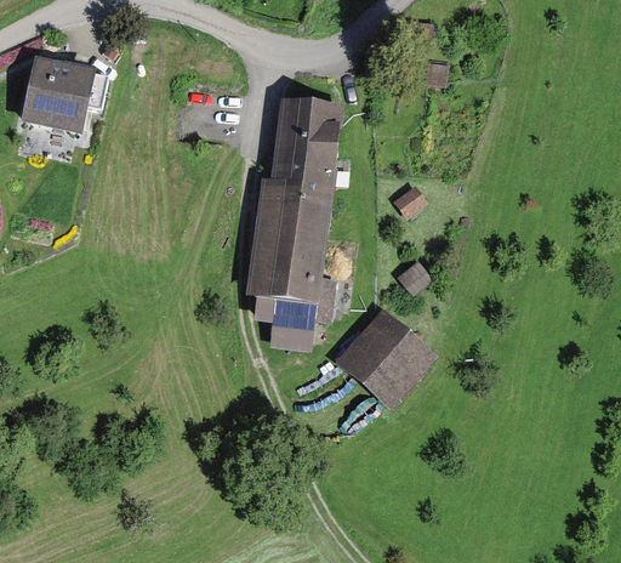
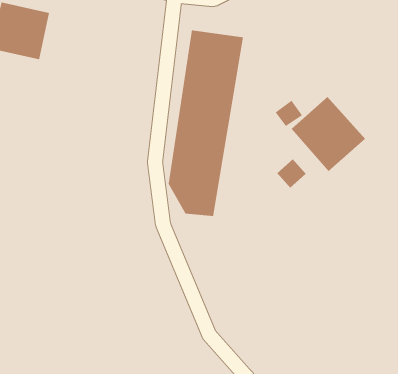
building: none -> [291,96,366,172]
building: [330,307,431,406] -> none

